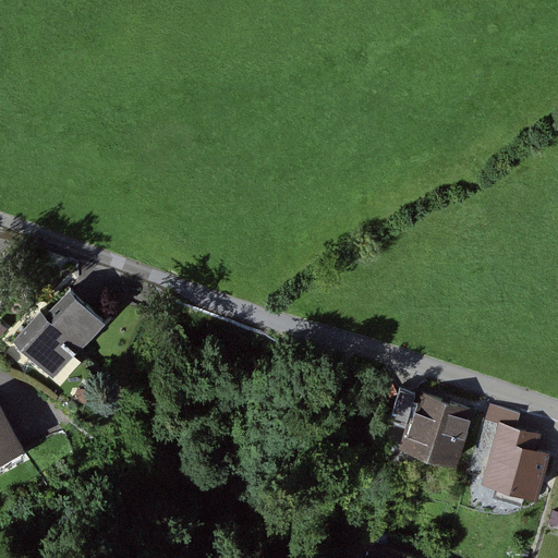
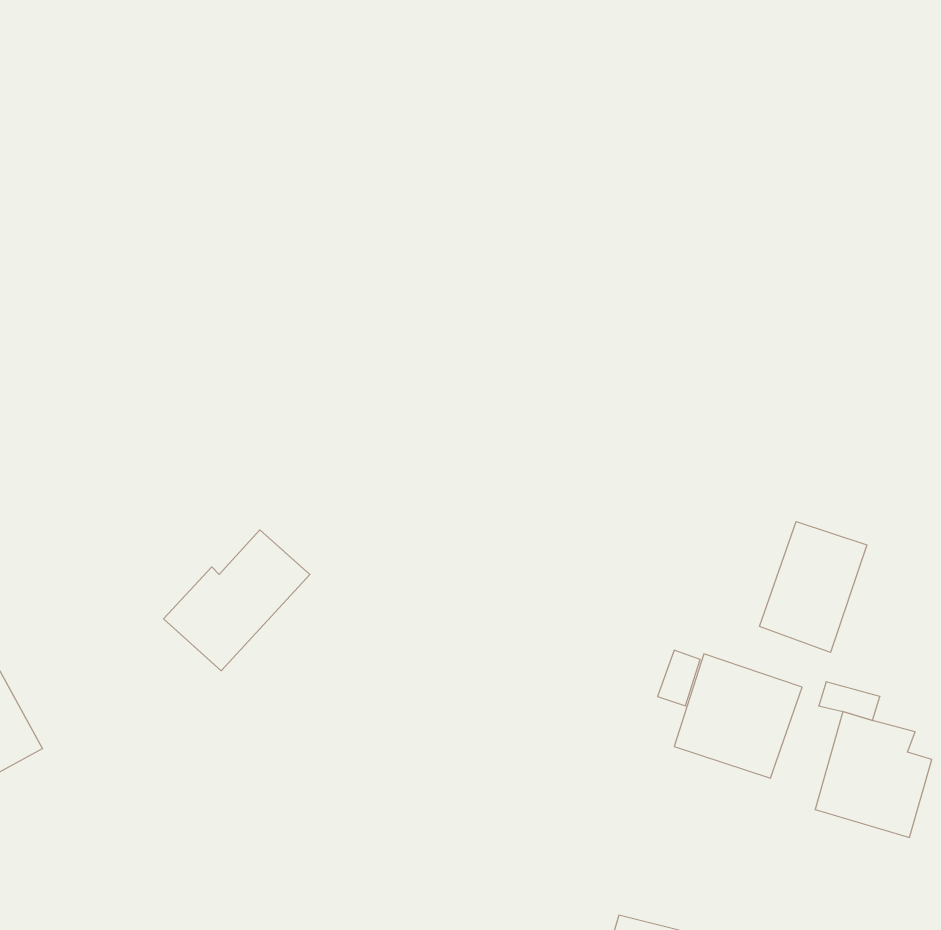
building: [16,298,102,380] -> [164,530,310,671]
building: none -> [760,522,867,652]

